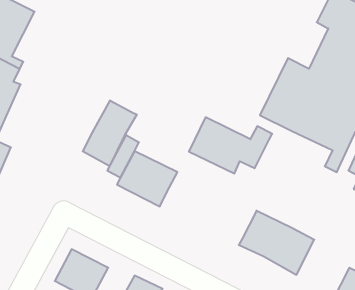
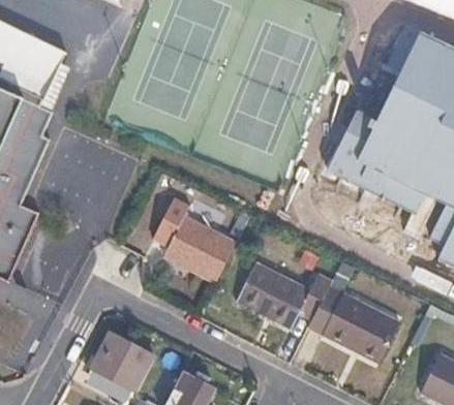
building: [83,100,137,166] -> none
building: [189,117,272,173] -> [234,260,332,326]

